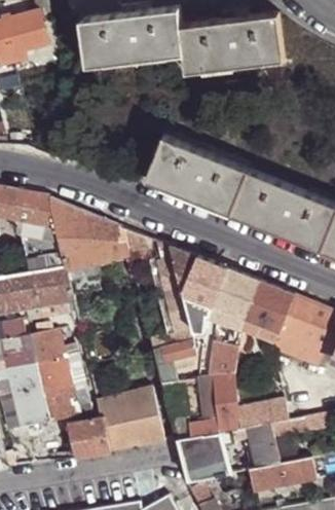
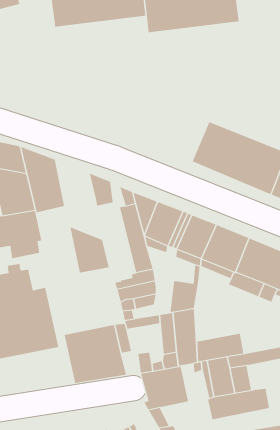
building: [145,135,251,214] -> none
building: [85,212,128,262] -> [69,226,110,273]
building: [67,421,106,459] -> none

